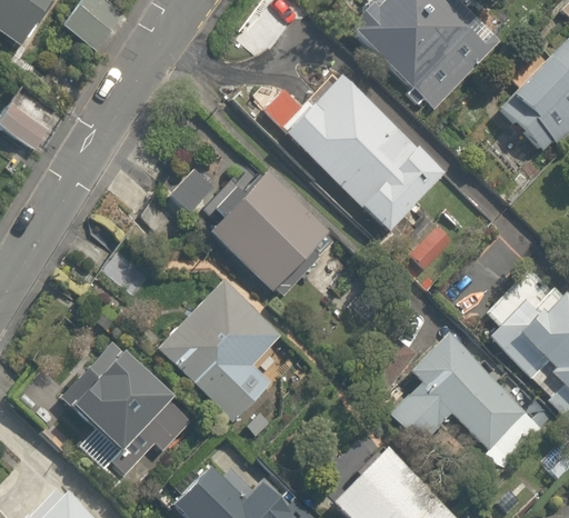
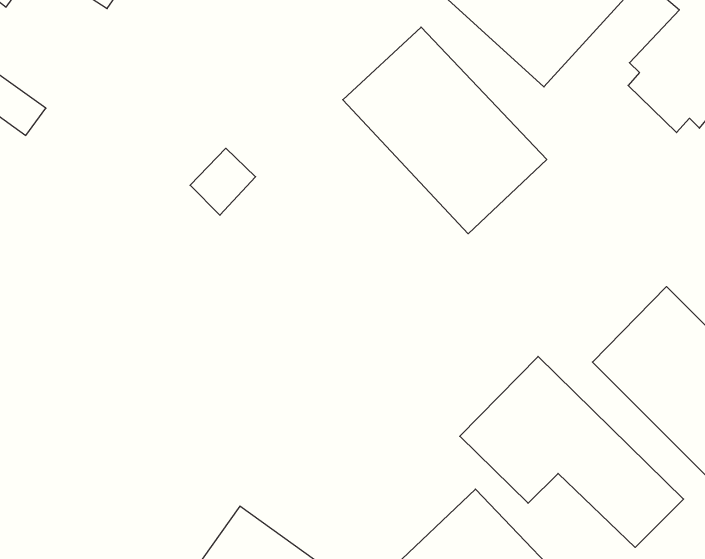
building: [202,161,339,300] -> none
building: [152,272,286,425] -> none
building: [58,343,199,472] -> none

